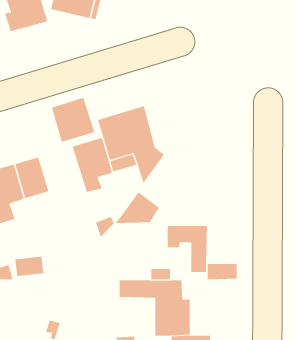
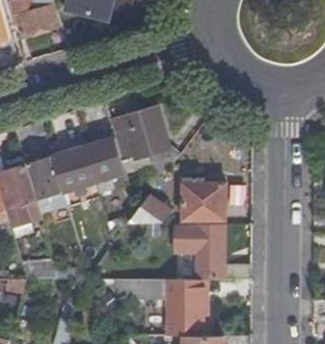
building: [51,97,95,142] -> [52,148,96,193]
building: none -> [184,183,226,220]

